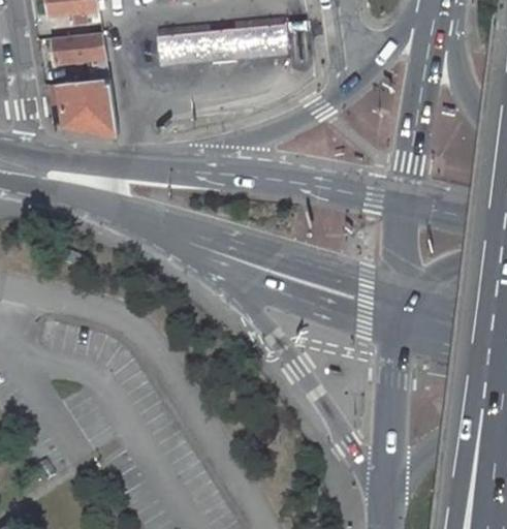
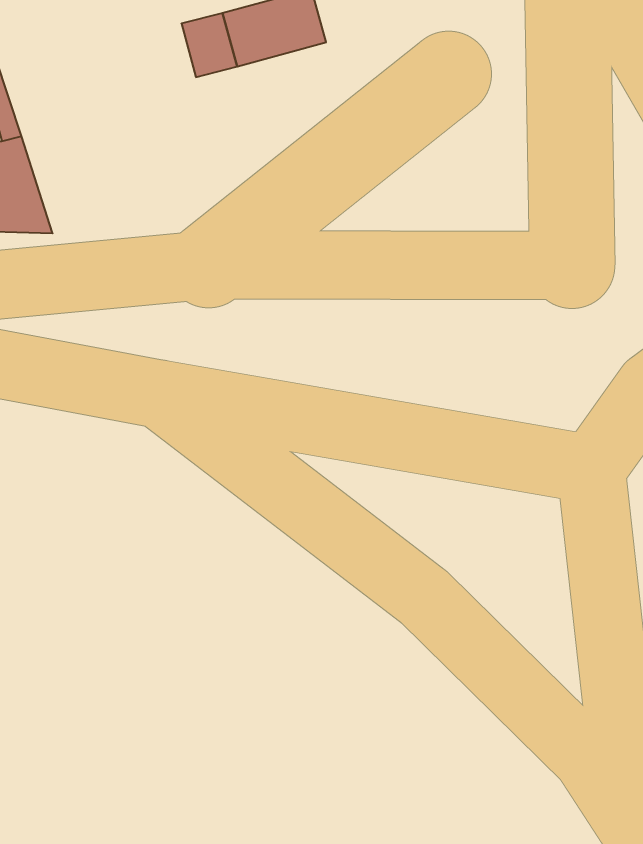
building: [155,30,210,66] -> none

